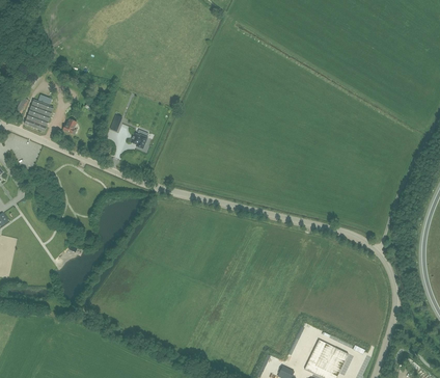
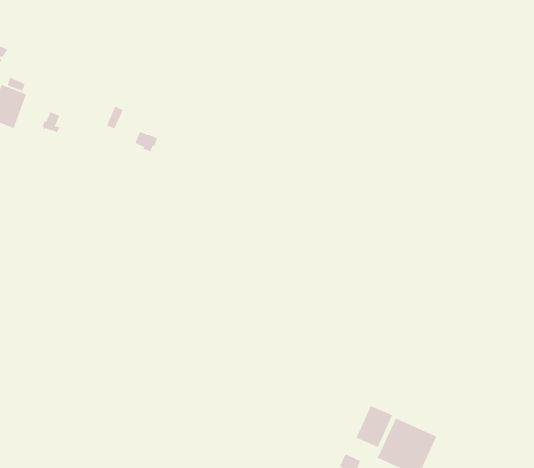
building: none -> [356,405,393,448]

